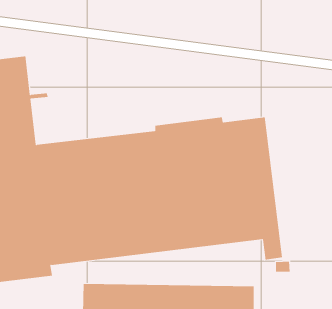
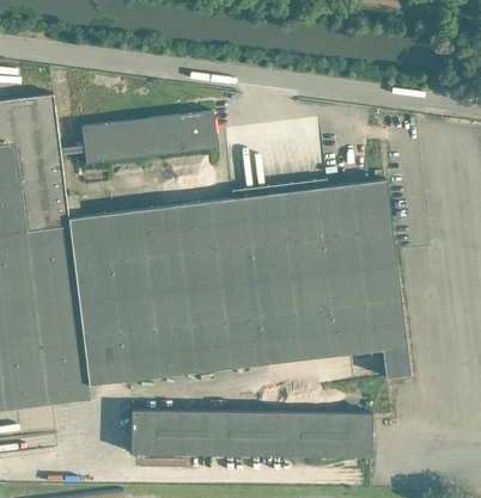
building: none -> [80,112,217,166]

